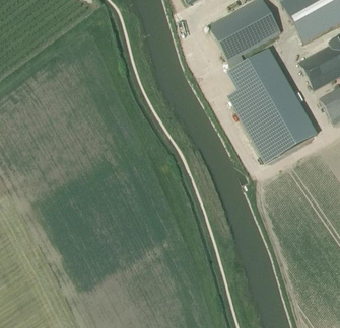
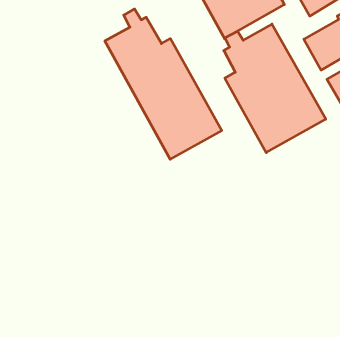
building: none -> [105,9,222,159]

